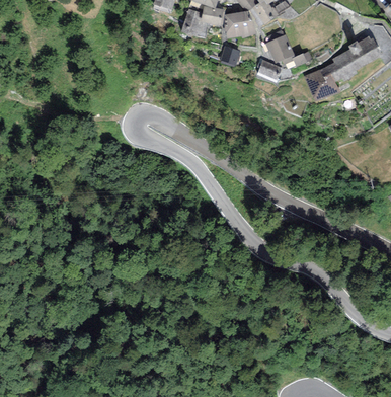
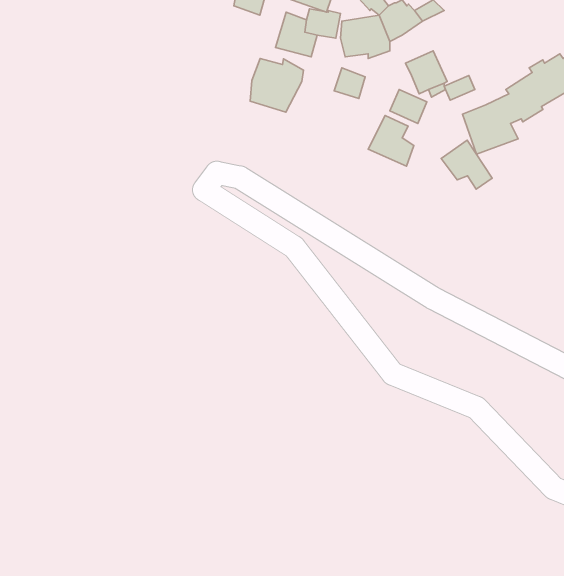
building: none -> [250,59,304,112]
building: none -> [368,116,414,166]
building: none -> [441,140,492,189]

